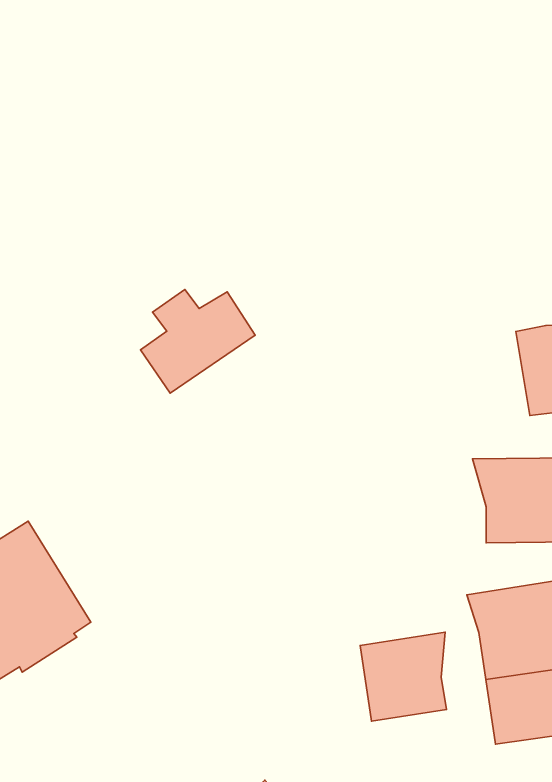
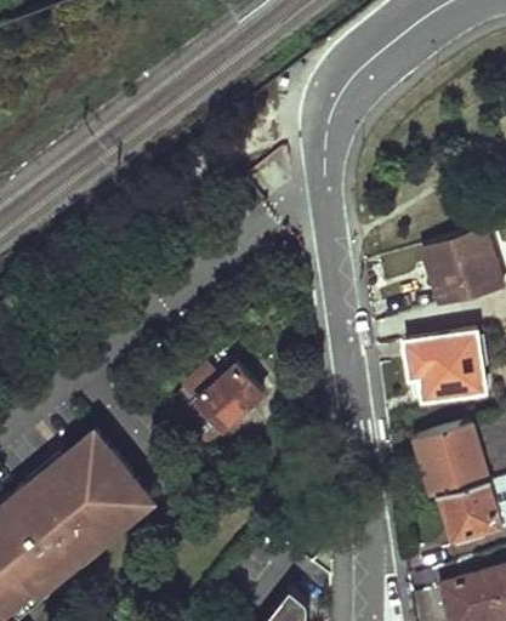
building: [140,289,255,393] -> [177,370,257,448]
building: [360,632,446,721] -> none

